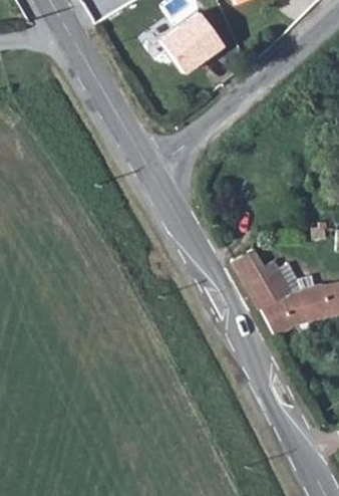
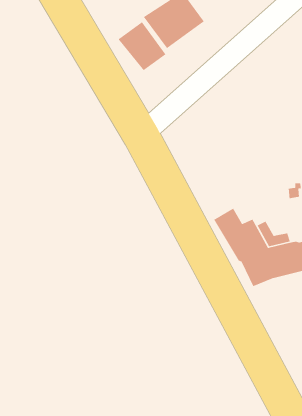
building: none -> [118,21,166,71]

